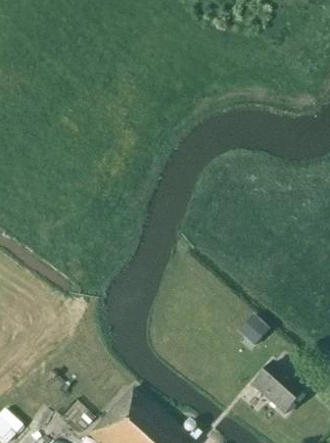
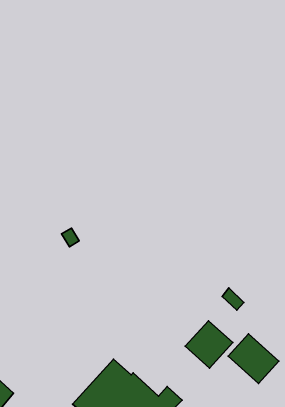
building: none -> [185,321,233,368]

